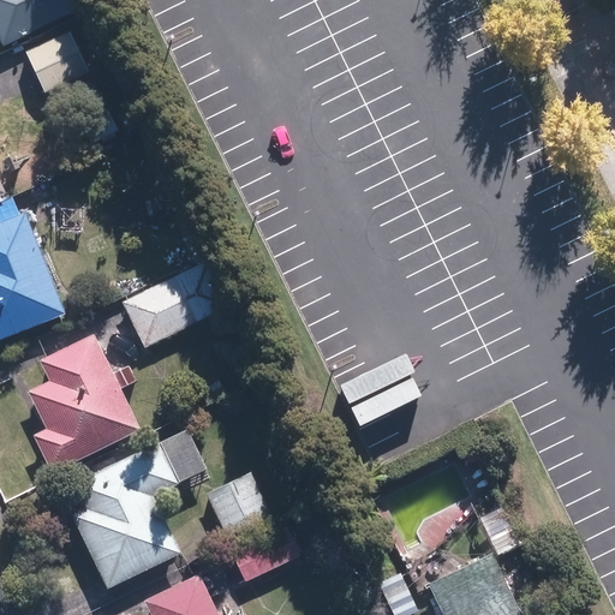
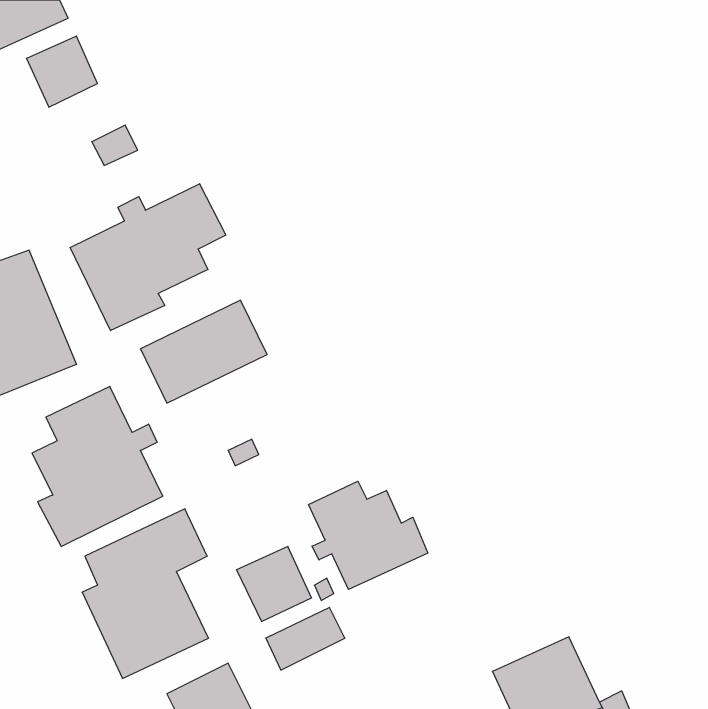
building: none -> [70,184,226,331]
building: none -> [309,481,428,589]

